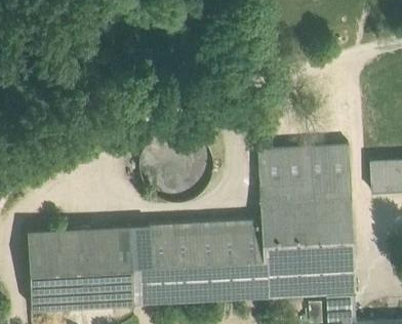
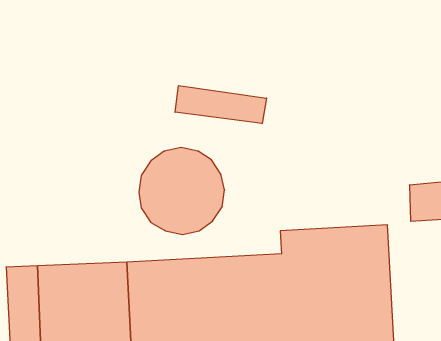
building: none -> [175,86,267,124]
building: [257,146,351,201] -> none

